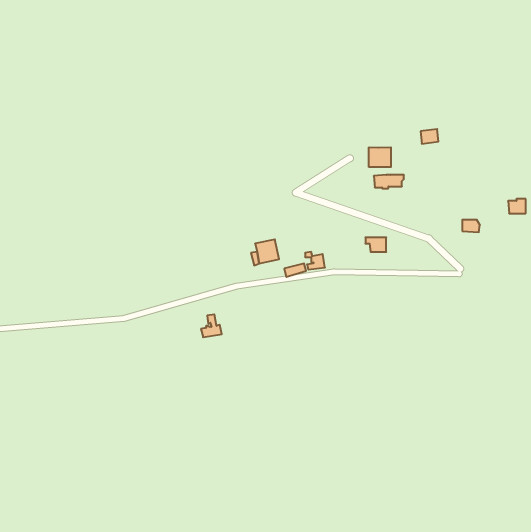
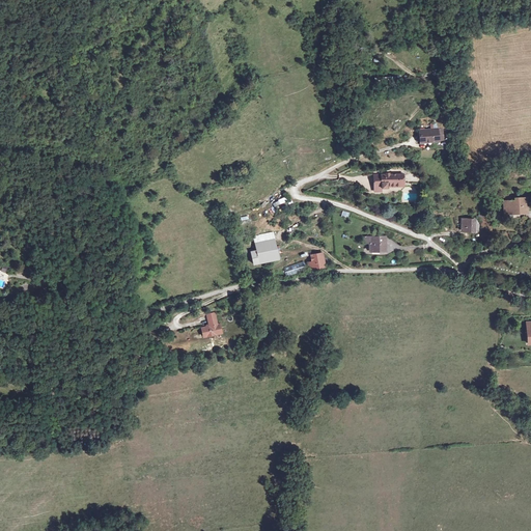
building: [369,147,391,167] -> none

